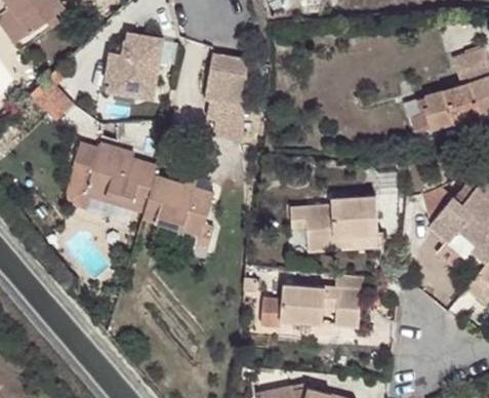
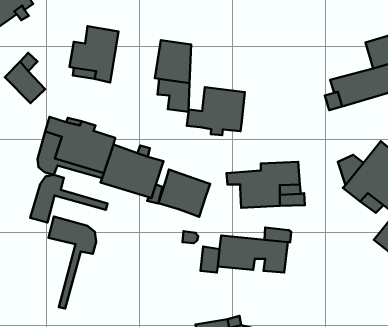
building: none -> [187,87,245,135]
building: none -> [158,169,210,217]
building: none -> [30,175,108,222]
building: none -> [49,217,96,309]

